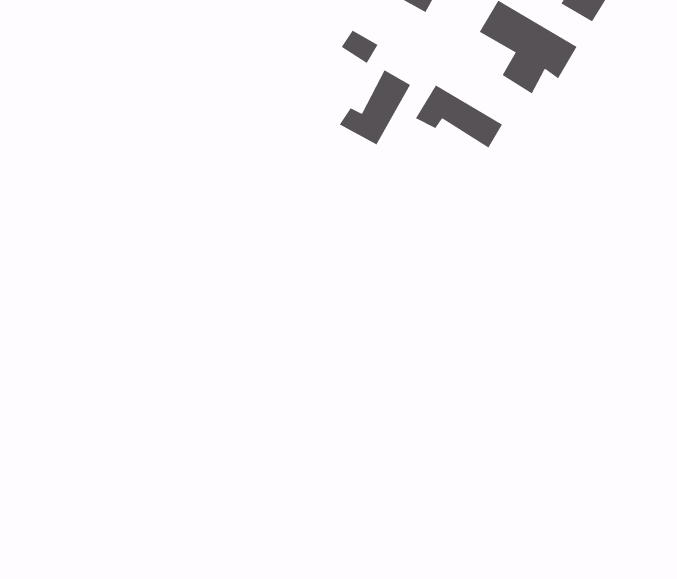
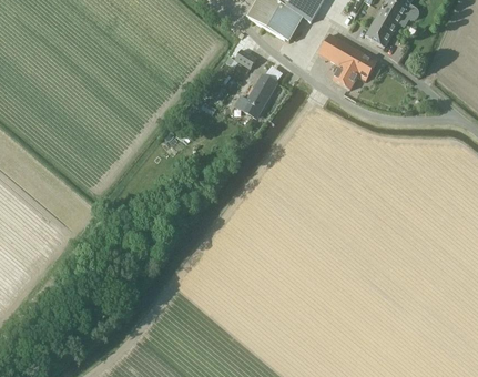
building: [415,85,503,149] -> none

